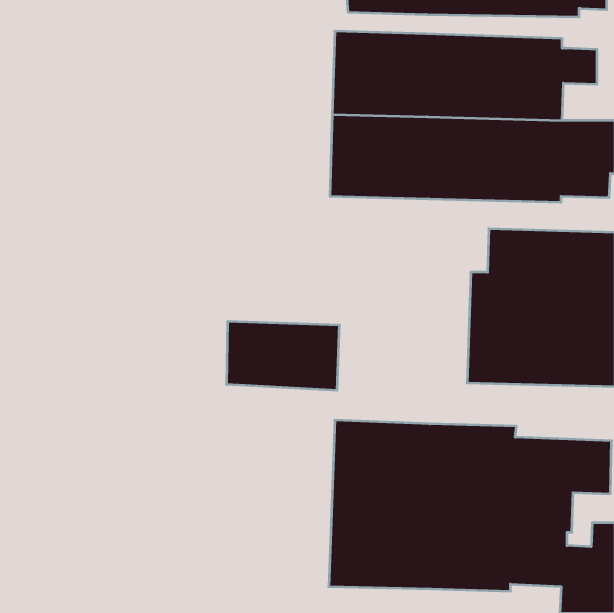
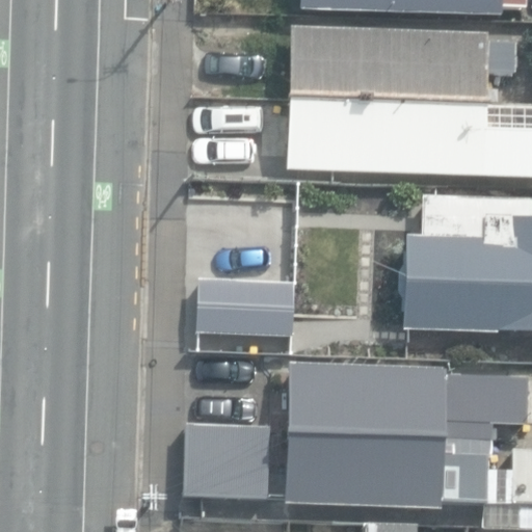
building: none -> [183,424,272,503]

